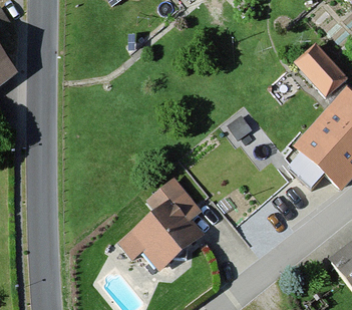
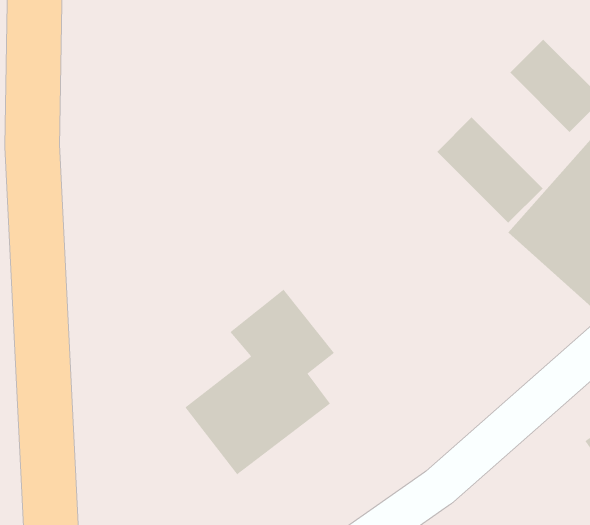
building: none -> [436,117,543,224]

